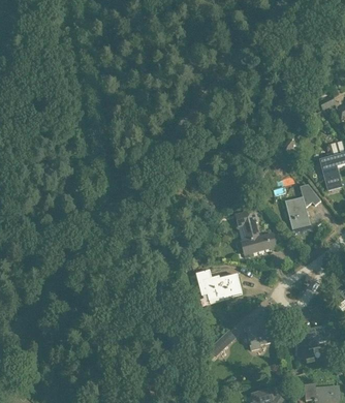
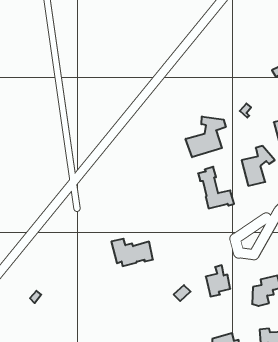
building: none -> [186,116,226,157]
building: [195,271,241,301] -> [111,239,153,266]

